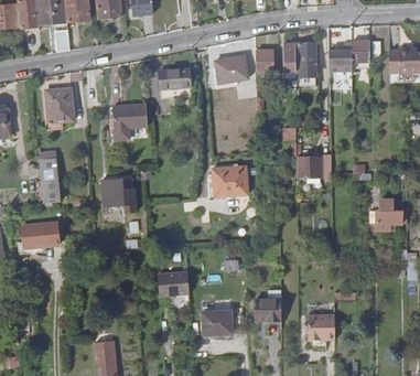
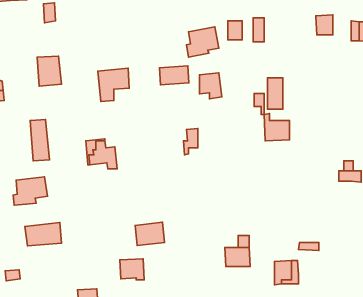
building: [299,44,315,78] -> [268,78,283,109]
building: [329,44,354,74] -> none
building: [158,64,190,85] -> [160,66,189,85]
building: [224,164,248,193] -> [200,73,222,99]
building: none -> [25,223,62,246]
building: [201,307,227,330] -> [120,259,144,280]

